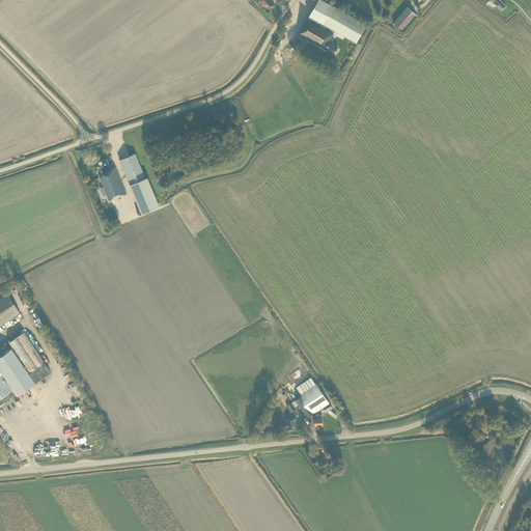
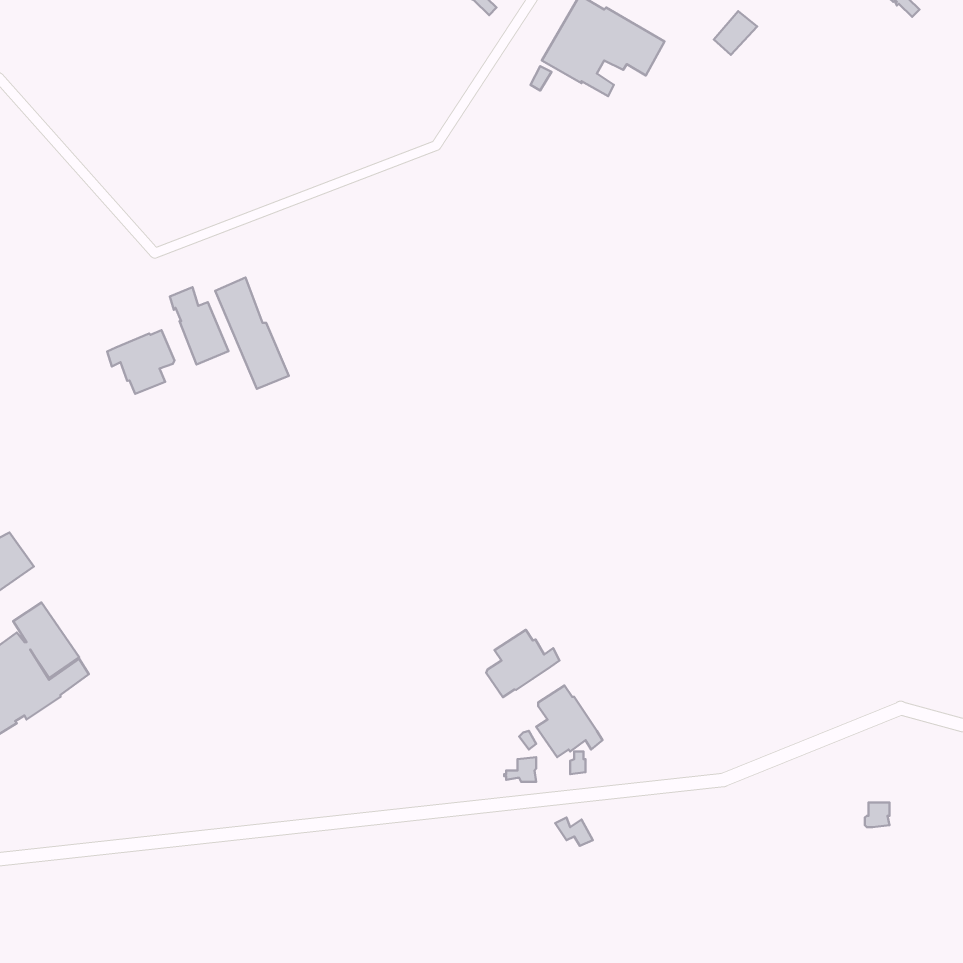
building: none -> [107,330,175,394]
building: none -> [486,630,560,697]

